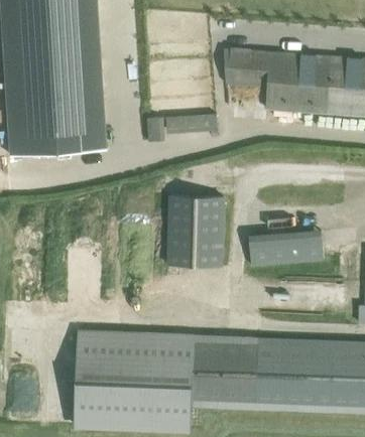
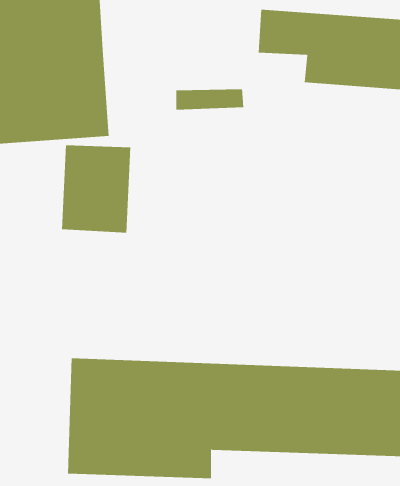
building: [167,194,224,266] -> [61,145,131,233]
building: [243,232,321,267] -> none

